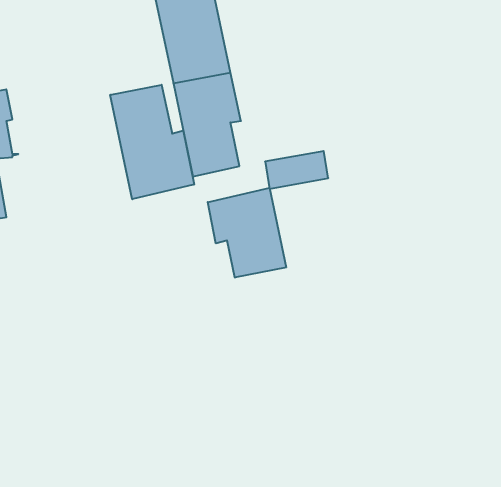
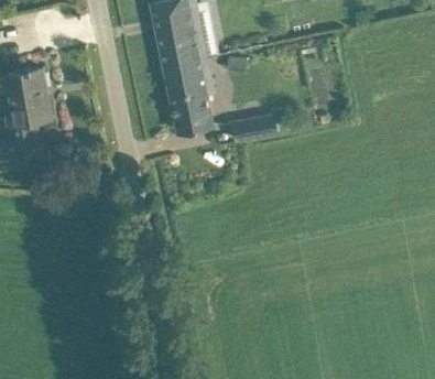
building: [110,85,194,199] -> none
building: [208,188,286,278] -> none

